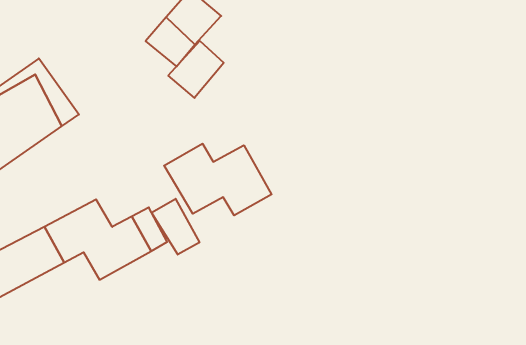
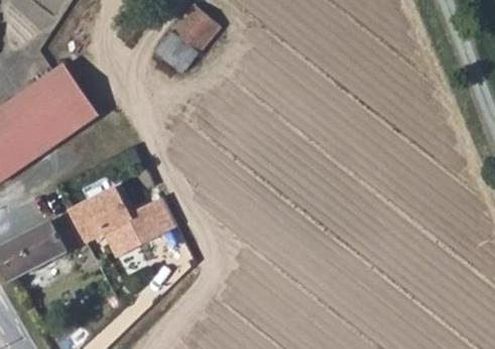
building: [168,41,224,98] -> none
building: [164,144,272,215] -> none
building: [152,199,199,255] -> none

